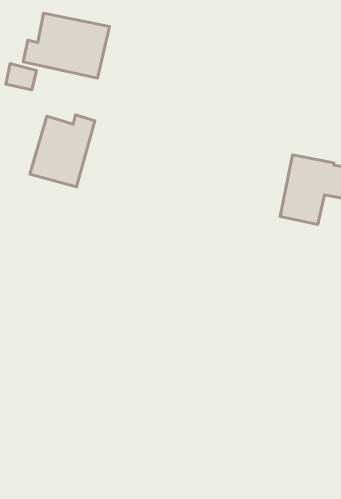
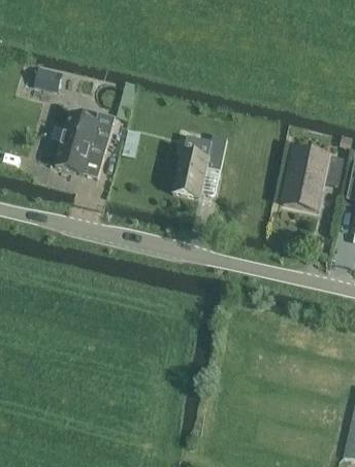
building: [23,13,109,78] -> none
building: none -> [171,133,226,198]

